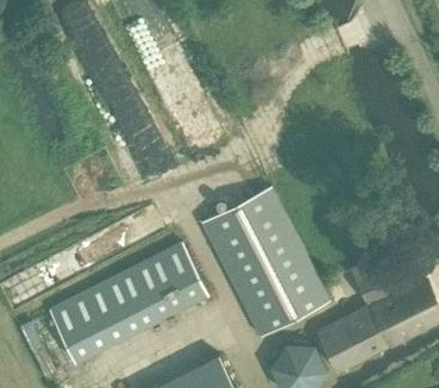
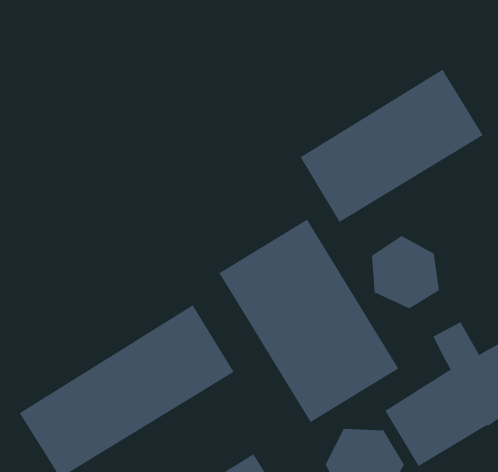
building: none -> [300,69,483,223]
building: none -> [372,235,439,309]

